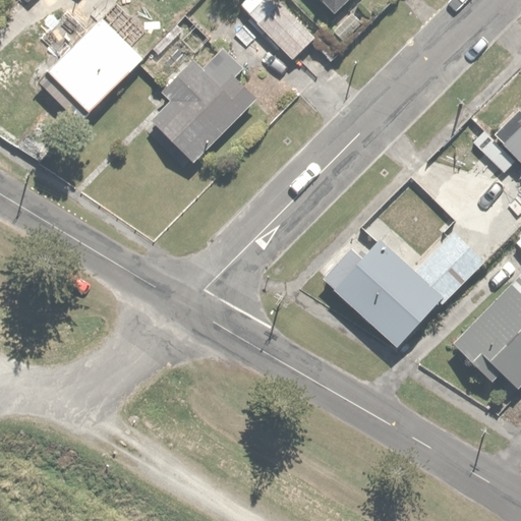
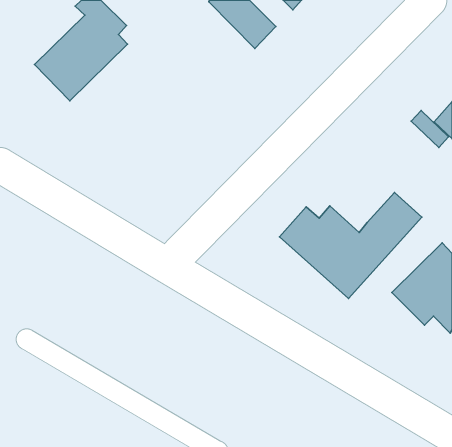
building: [153,49,253,162] -> none

